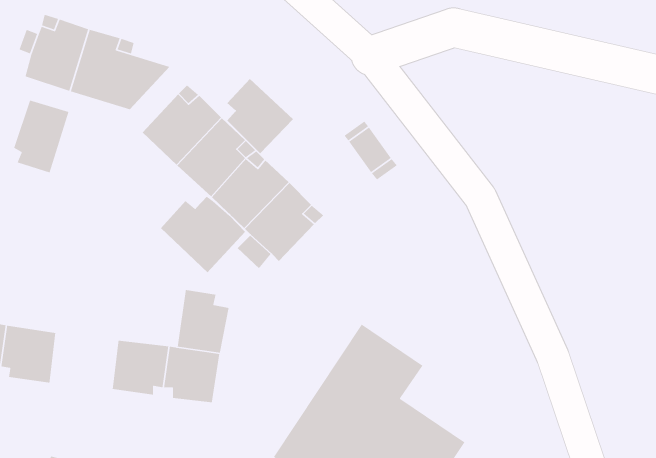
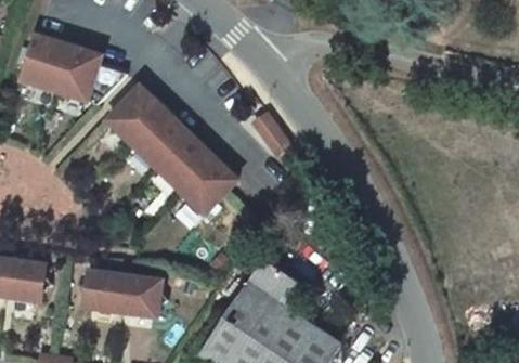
building: [226,78,294,154] -> none
building: [13,100,69,173] -> none
building: [160,196,246,273] -> none
building: [177,289,229,354] -> none

